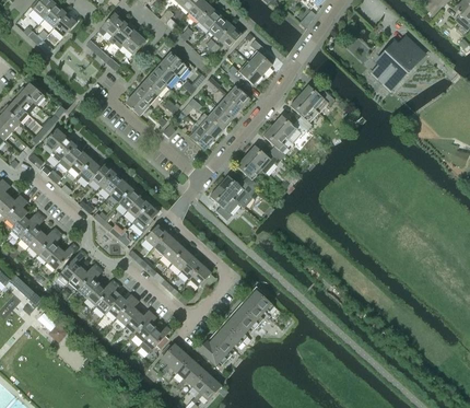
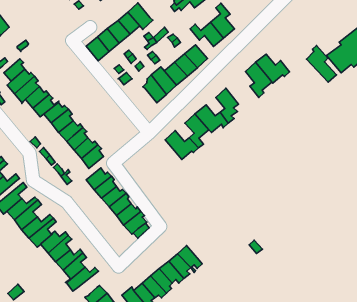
building: none -> [307,45,337,82]
building: [272,114,307,143] -> none
building: [209,185,239,219] -> none

